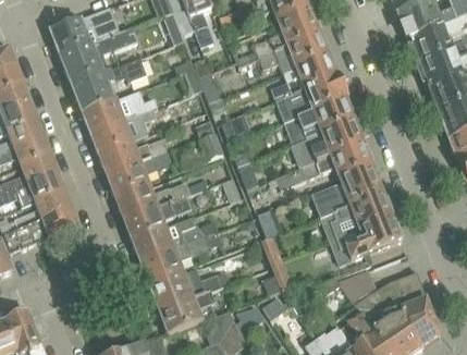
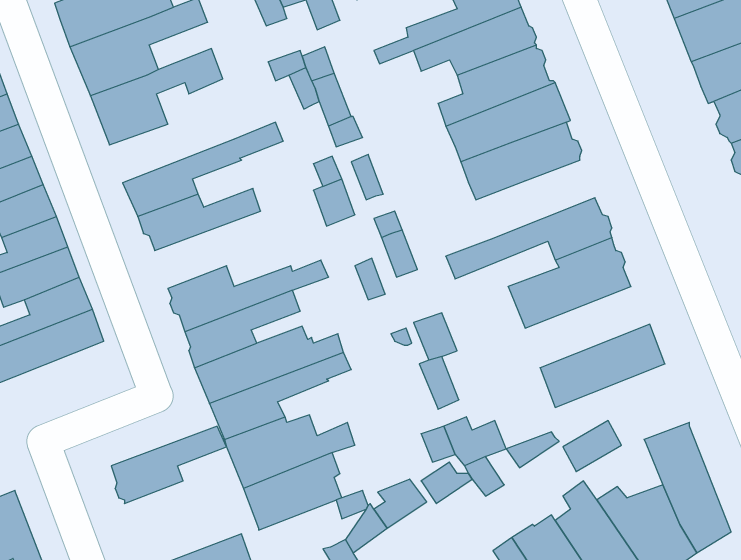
building: [82,90,159,134] -> none
building: [293,121,361,167] -> none
building: [108,150,174,195] -> [111,426,227,504]
building: [321,194,393,241] -> none

